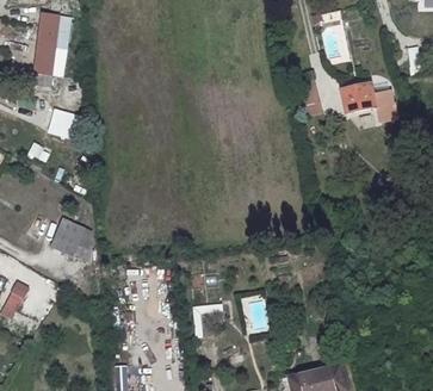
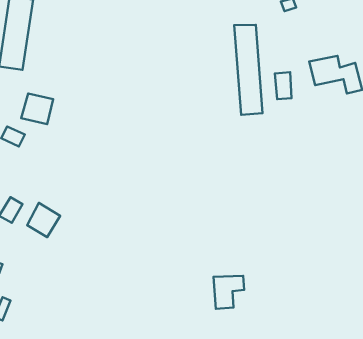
building: none -> [234,25,263,115]
building: [193,305,224,339] -> [214,276,244,309]

